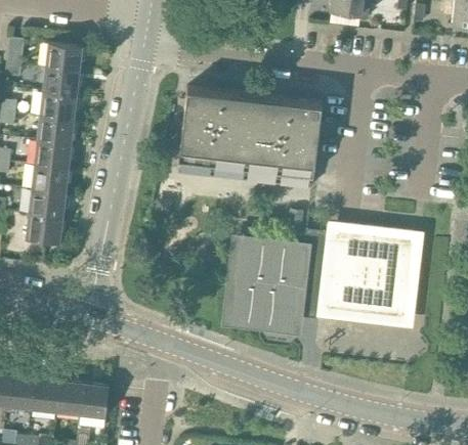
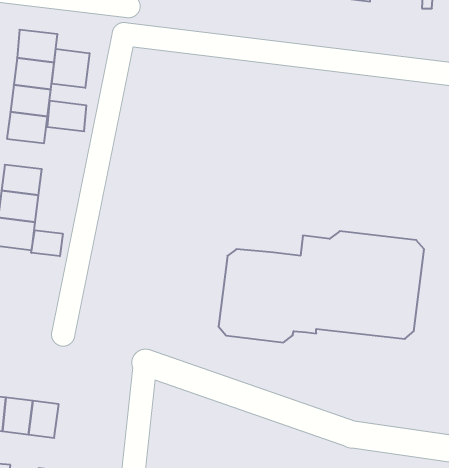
building: none -> [52,49,89,88]
building: [178,90,322,189] -> none
building: [35,143,71,171] -> [47,101,86,131]
building: none -> [31,230,63,256]
building: [80,385,110,418] -> none

